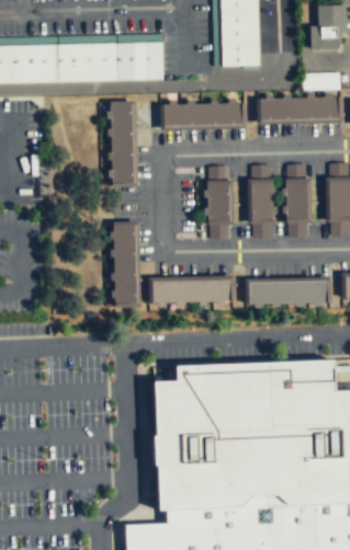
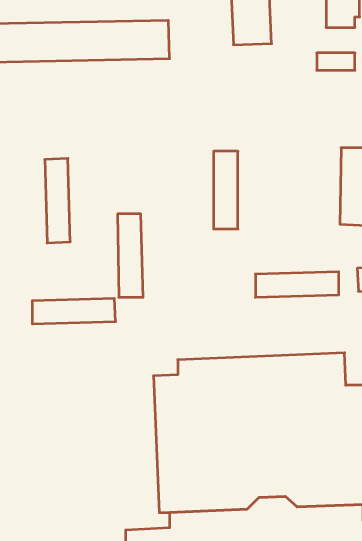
building: [258,96,337,121] -> none
building: [166,103,245,127] -> none
building: [112,104,136,184] -> [45,158,70,243]
building: [247,164,273,238] -> none
building: [284,164,308,238] -> none
building: [149,279,228,303] -> [32,298,116,324]

